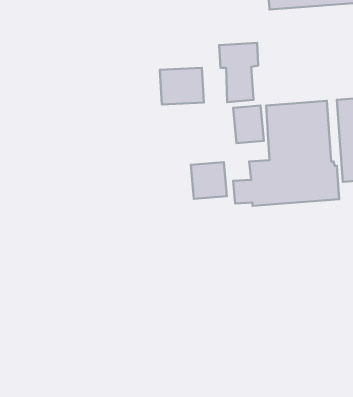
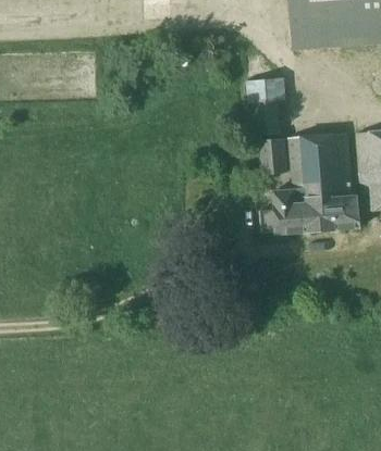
building: [160,68,204,105] -> none
building: [191,162,227,199] -> none

